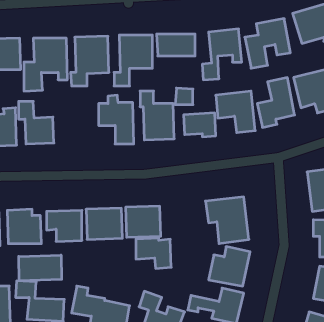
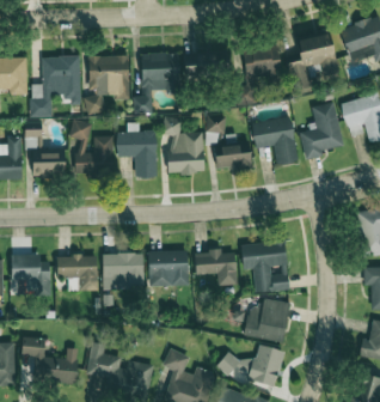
building: none -> [74,121,114,173]
building: [136,238,171,268] -> [196,250,237,285]
building: [19,255,62,281] -> none

